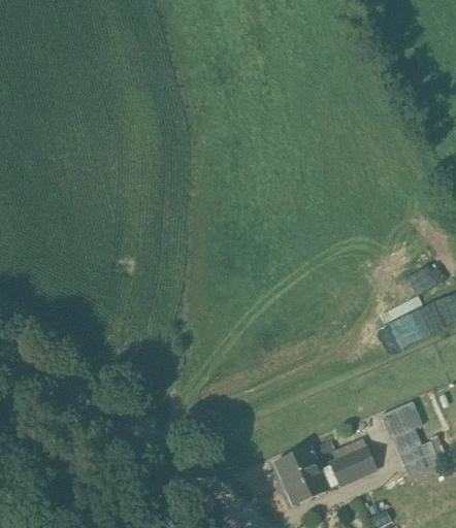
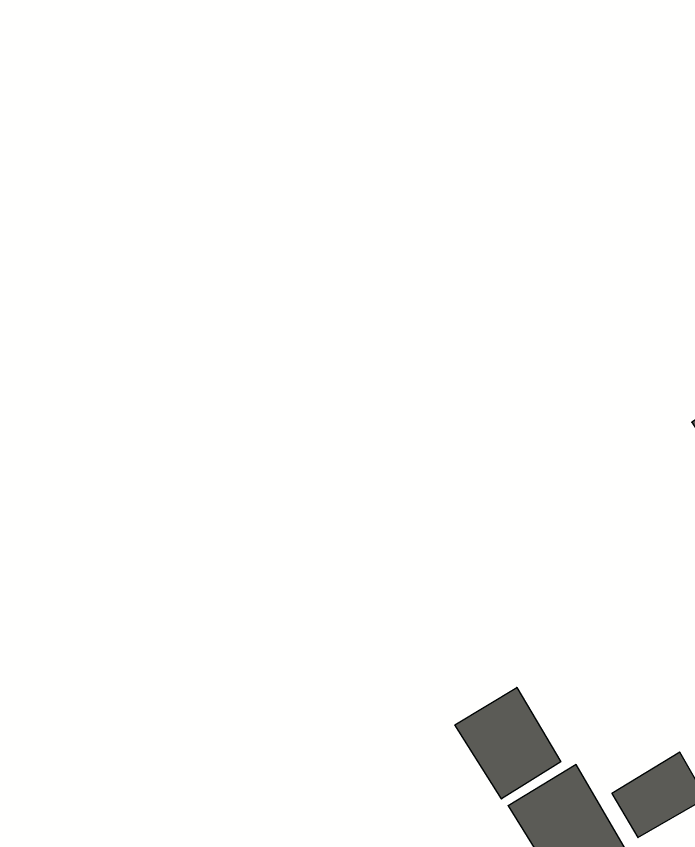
building: none -> [455,687,561,799]

